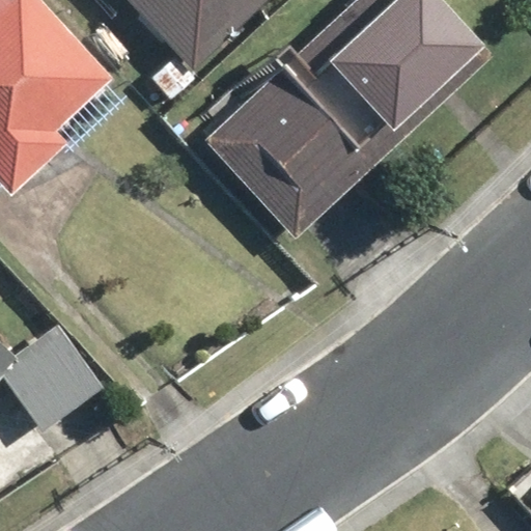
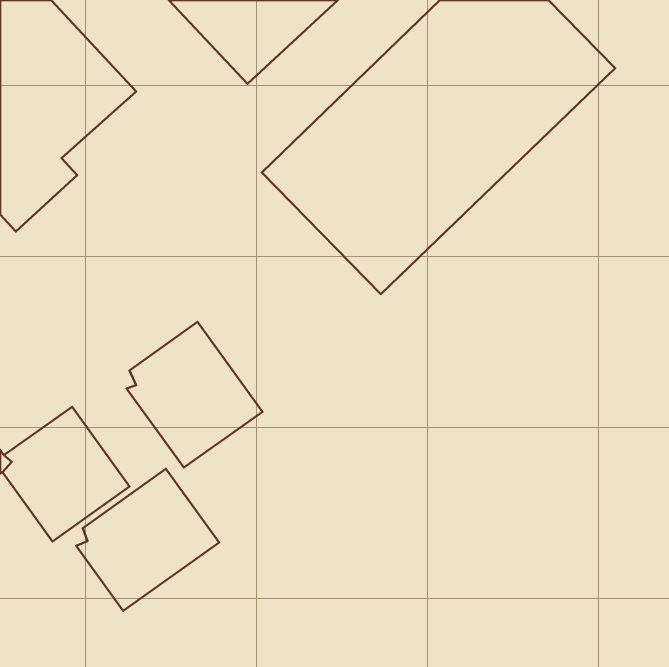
building: none -> [126,322,262,468]
building: none -> [76,469,219,611]

